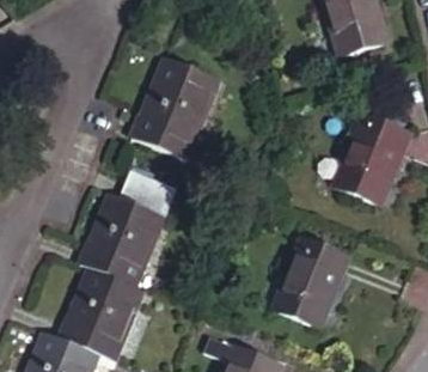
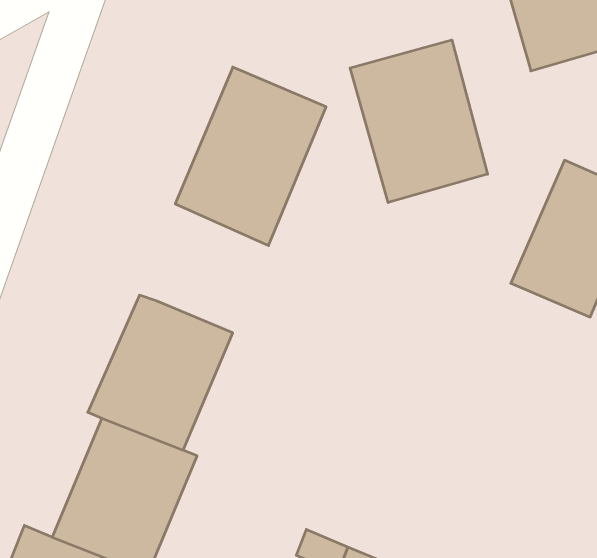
building: none -> [350,40,488,203]
building: [120,170,176,215] -> none
building: [270,234,348,329] -> none

